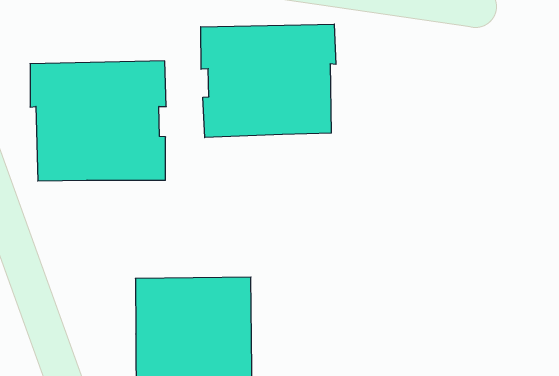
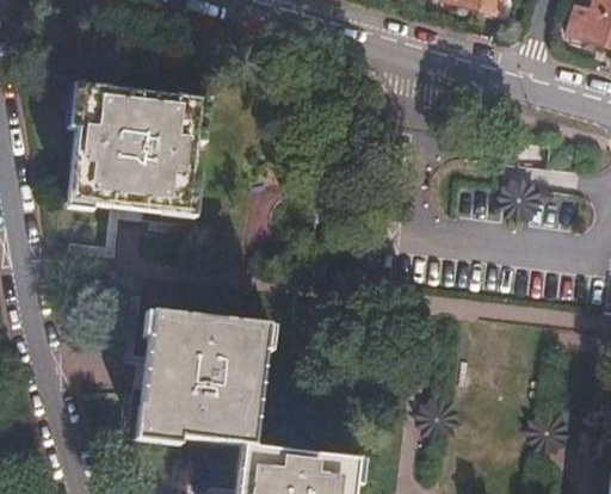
building: [201,24,336,138] -> none

